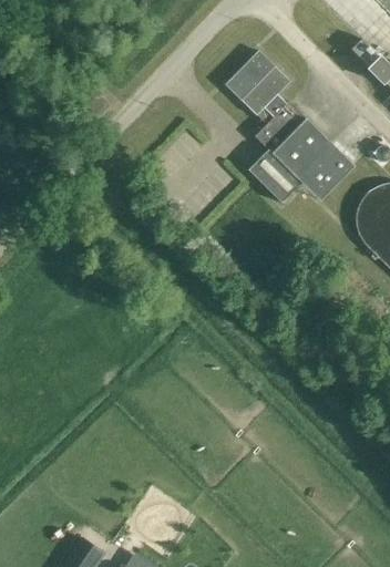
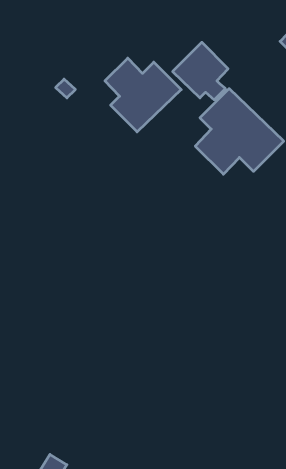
building: none -> [105,58,181,132]

